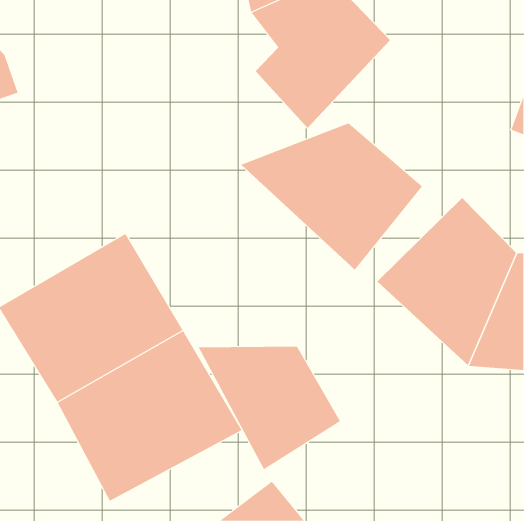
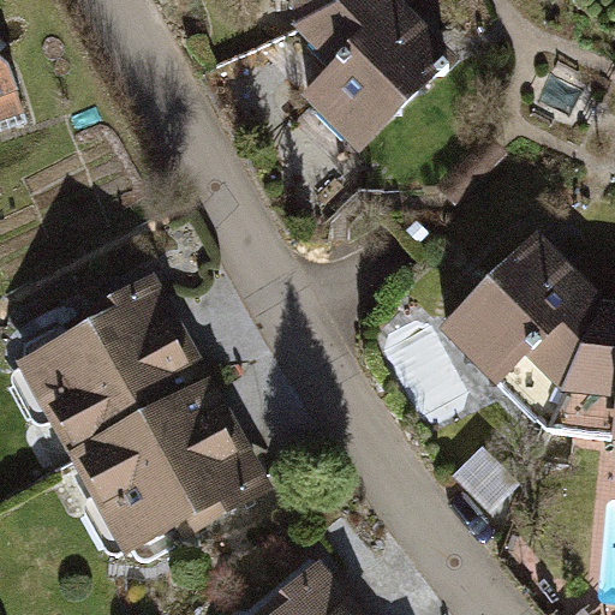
building: [240,123,423,270] -> none
building: [198,346,341,470] -> none

